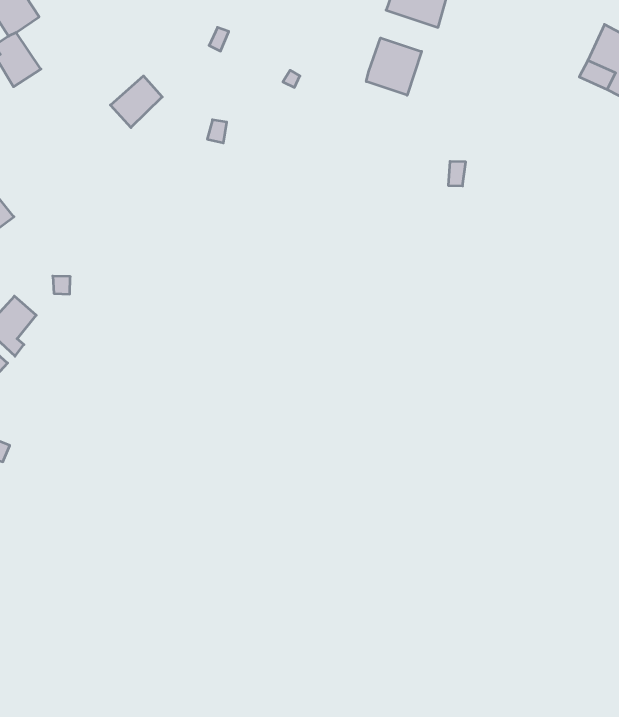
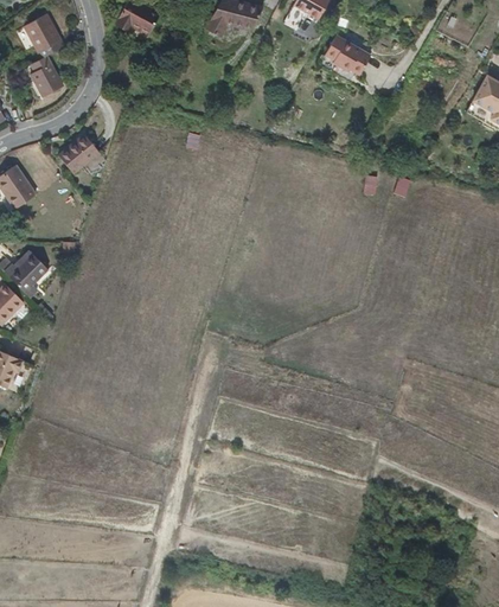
building: [366,38,422,95] -> none
building: [110,76,162,128] -> [58,134,97,172]

